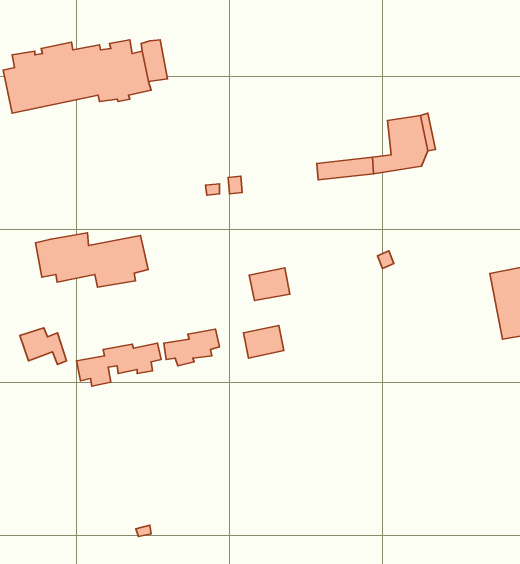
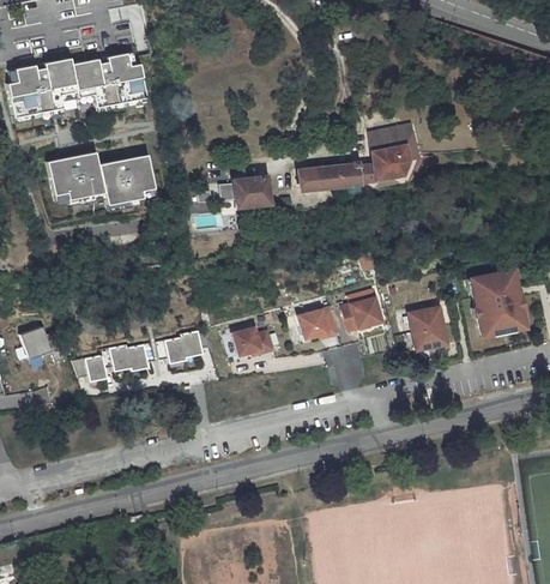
building: none -> [232,175,268,206]
building: [36,233,148,287] -> [47,152,153,204]
building: [249,268,290,301] -> [297,307,336,338]
building: none -> [344,299,382,330]
building: none -> [407,305,448,351]

